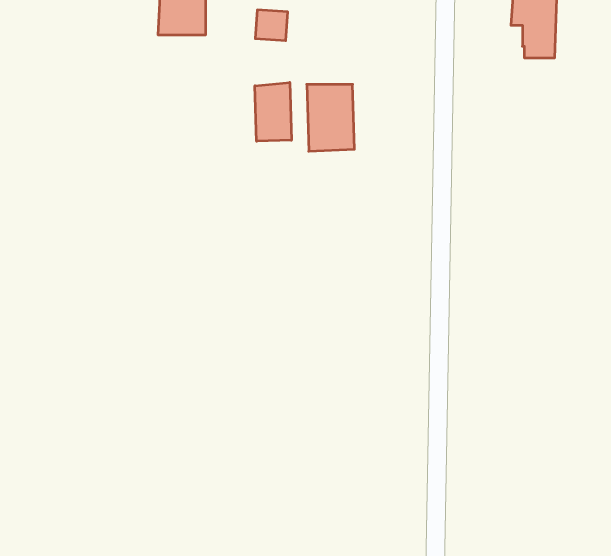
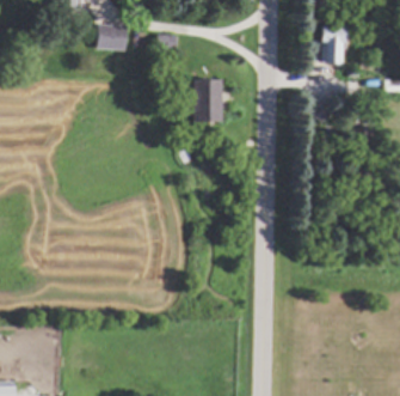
building: [255,82,291,141] -> none

